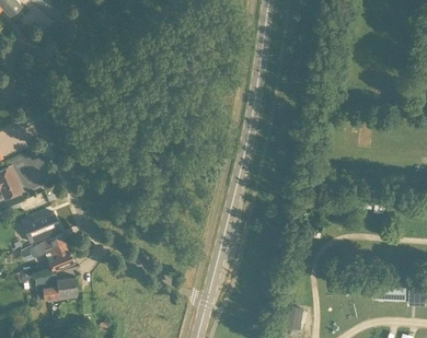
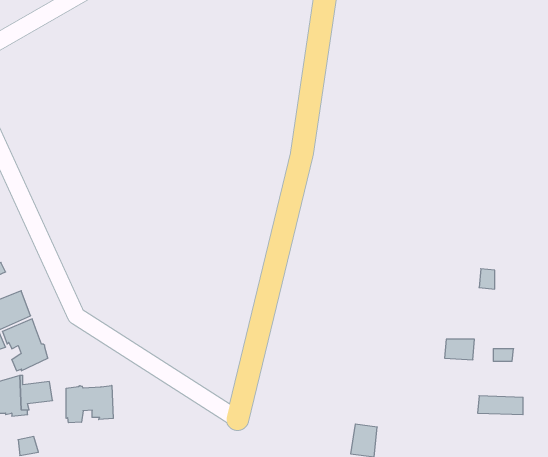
building: none -> [66,385,113,423]

